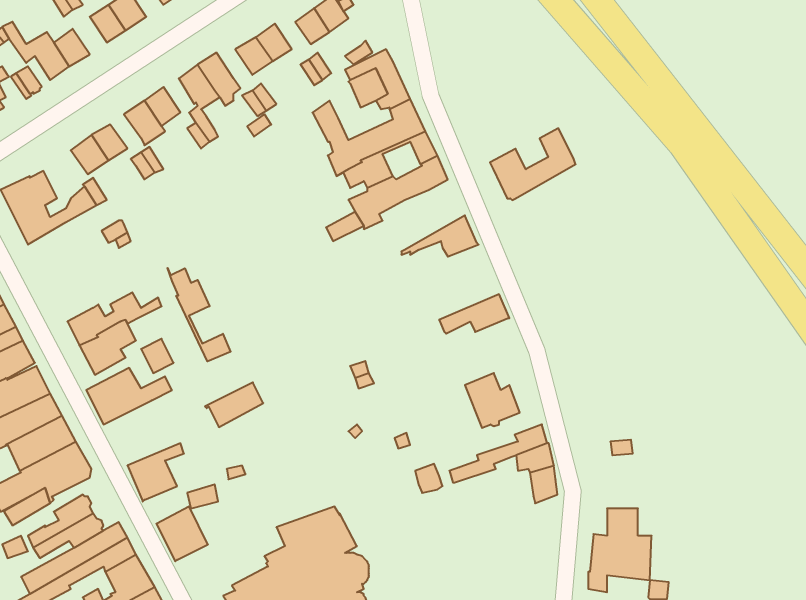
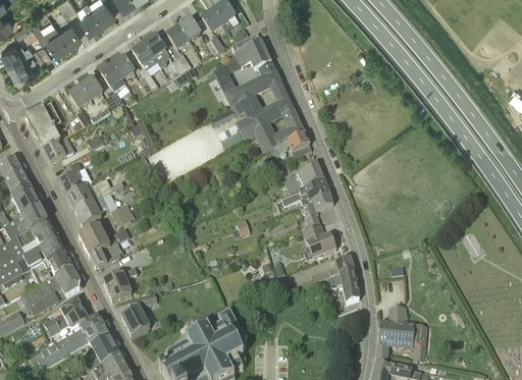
building: [490,128,576,200] -> [253,110,304,153]
building: none -> [44,135,74,163]
building: none -> [283,162,324,194]
building: [167,268,231,361] -> none
building: none -> [60,163,83,195]
building: none -> [305,193,333,227]
building: [205,382,263,427] -> [89,241,123,268]

